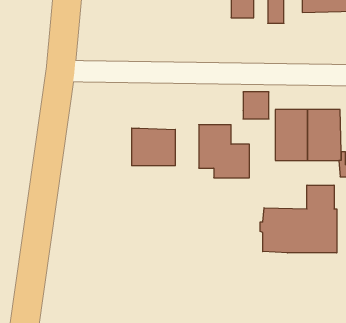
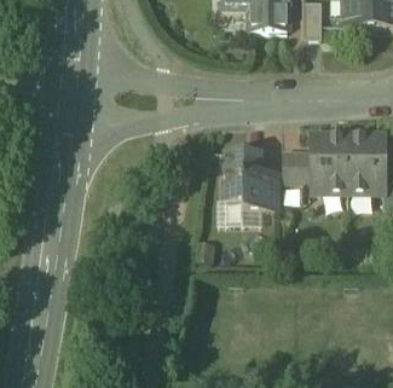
building: [243,92,269,119] -> [283,152,312,183]
building: [132,128,175,166] -> none
building: [260,185,337,253] -> none

